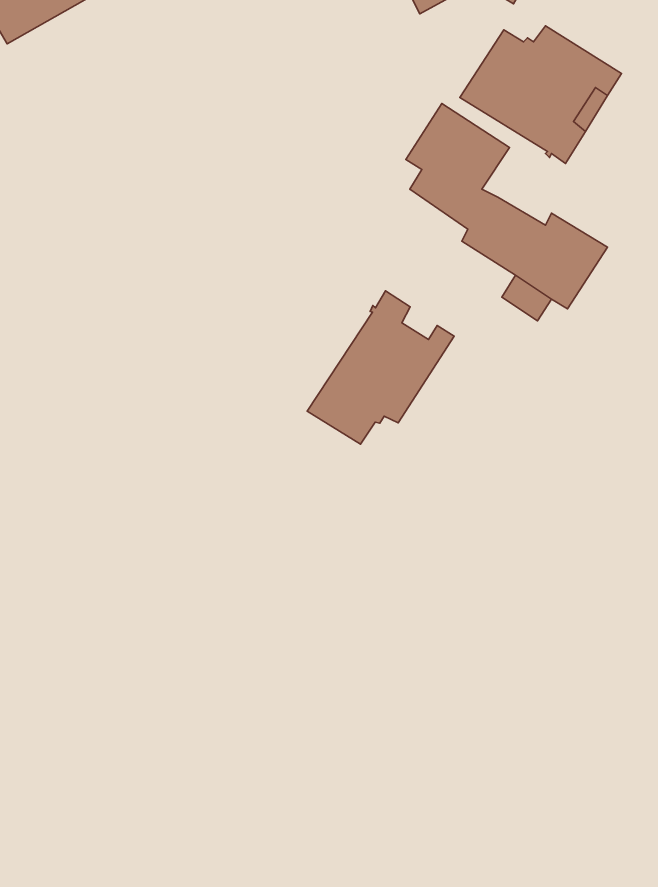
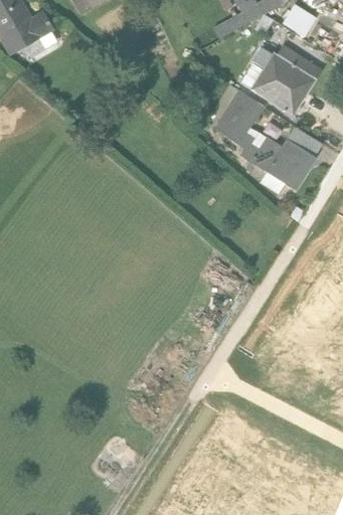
building: none -> [286,125,322,156]
building: [307,291,454,444] -> none

